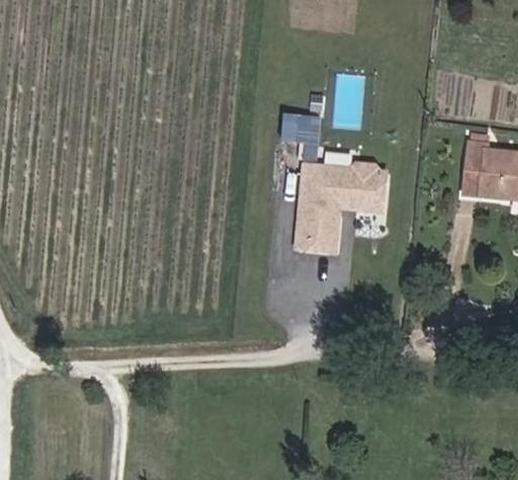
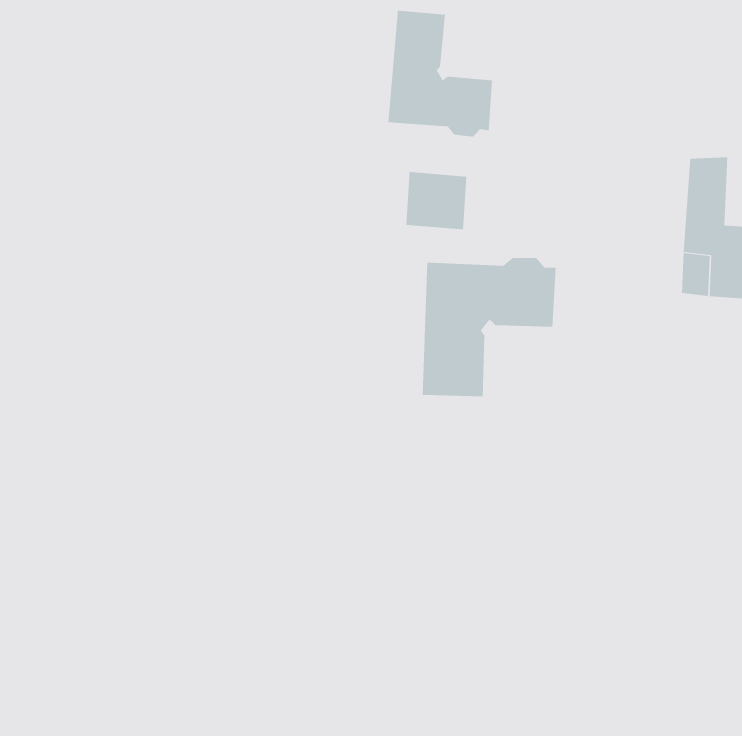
building: none -> [388,10,493,137]

